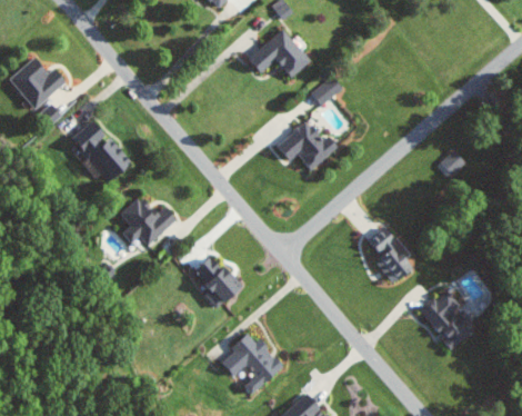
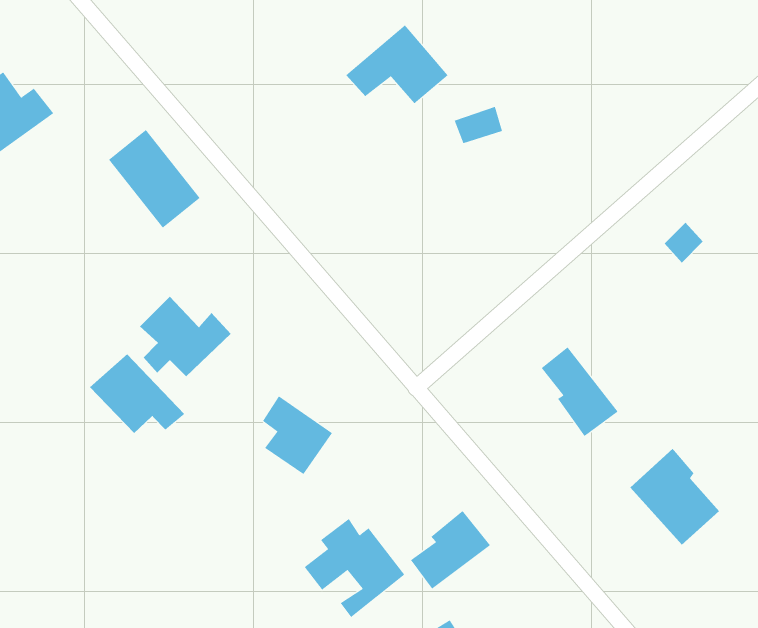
building: [71,120,128,181] -> [108,129,201,229]
building: [275,121,335,171] -> none
building: none -> [89,354,185,434]
building: none -> [410,510,491,589]

